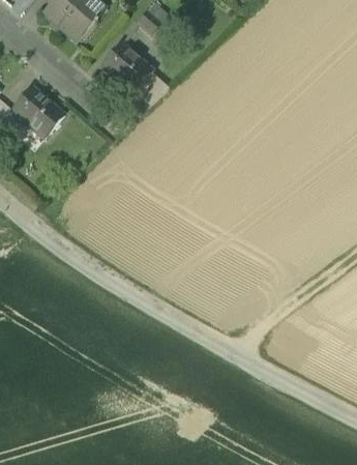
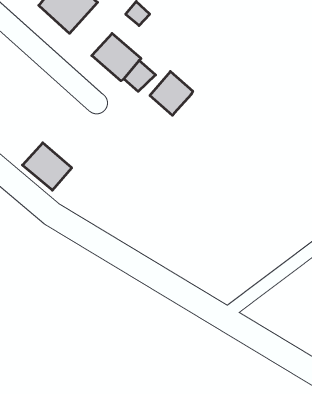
building: none -> [150,71,193,115]
building: [10,86,63,137] -> [22,143,72,190]

